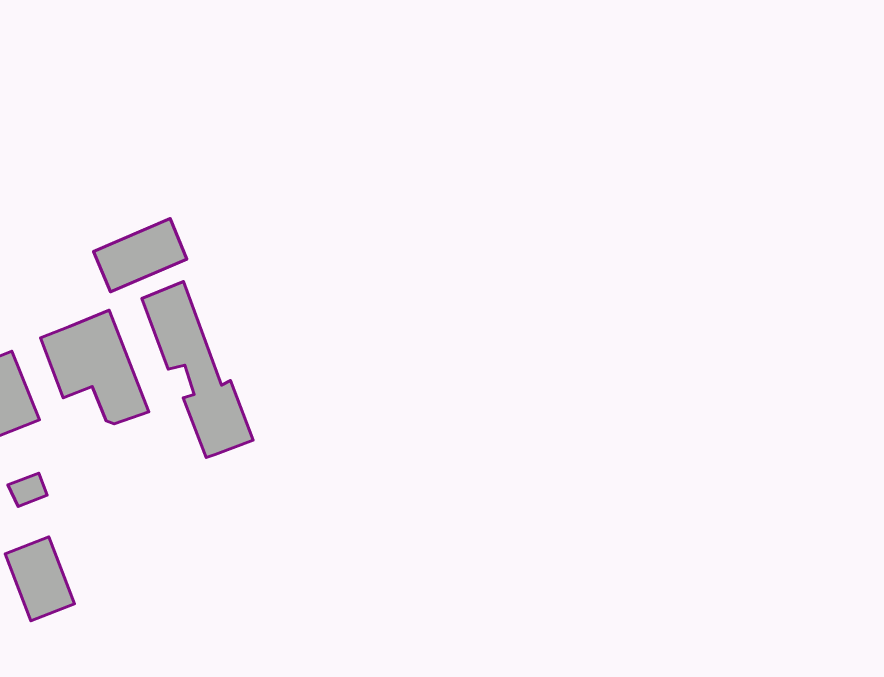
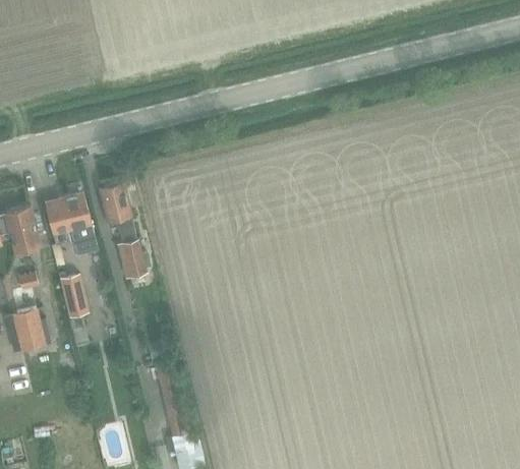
building: [94,219,187,292] -> none
building: none -> [60,276,89,317]

